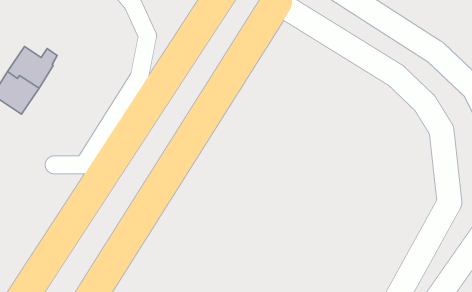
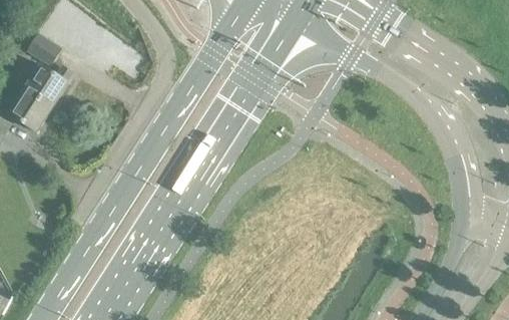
building: none -> [28,34,61,66]

